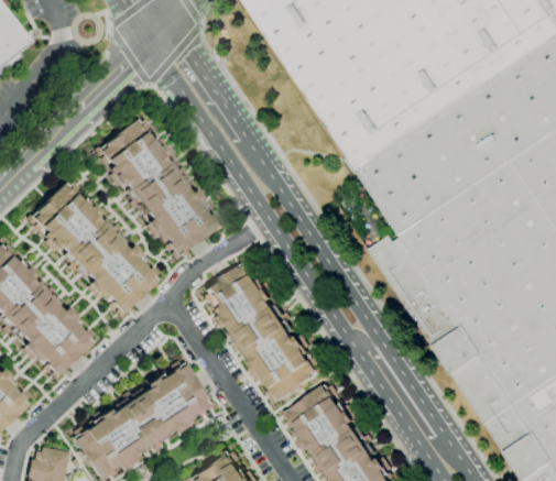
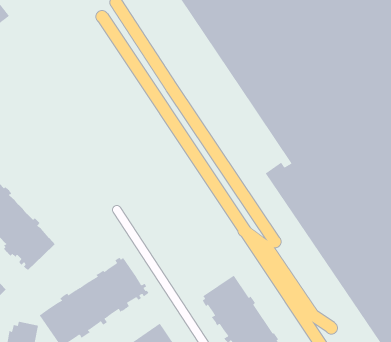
building: [94,121,216,259] -> none
building: [28,183,157,319] -> none
building: [203,262,324,408] -> none

